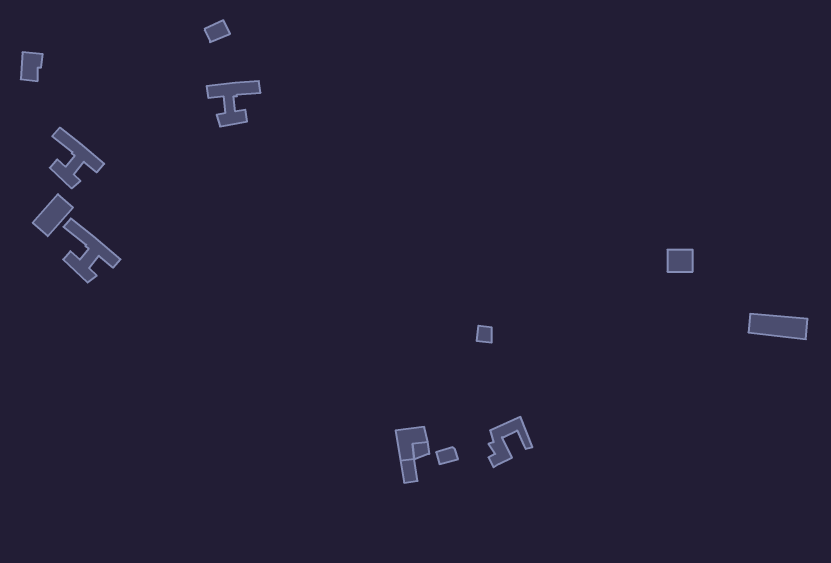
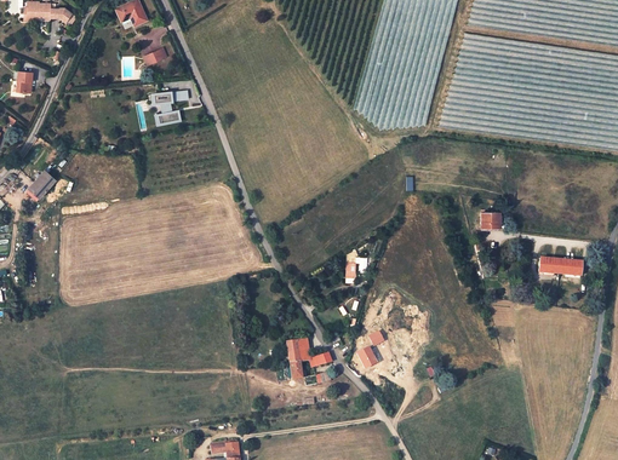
building: [50,128,104,188] -> none
building: [63,218,121,283] -> none

